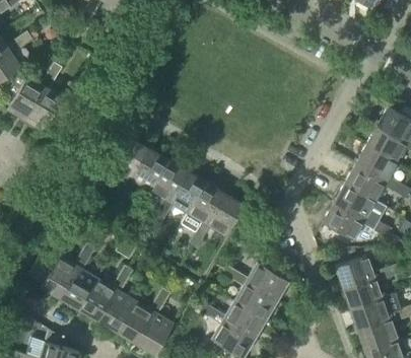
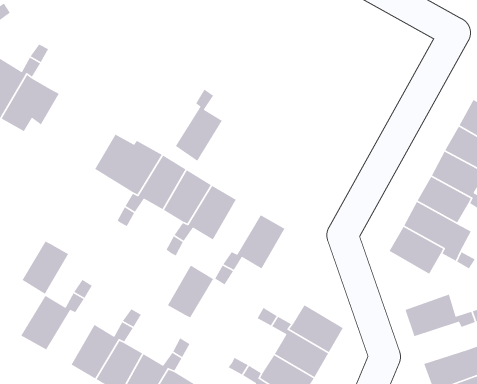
building: none -> [175,89,223,162]
building: [188,184,224,225] -> [167,264,214,319]
building: [60,269,96,310] -> [22,241,69,295]
building: [342,278,384,309] -> none

